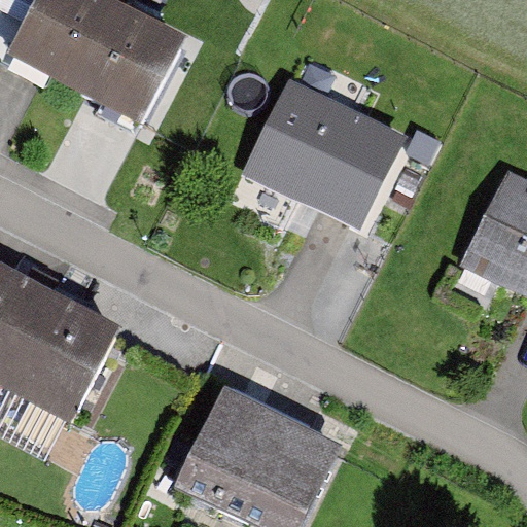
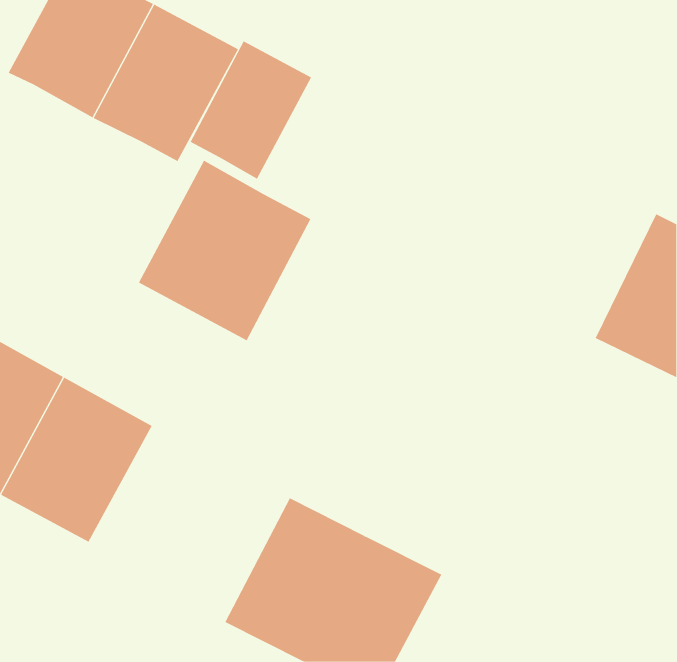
building: none -> [190,40,312,180]
building: [247,78,402,225] -> none
building: none -> [138,160,311,341]

